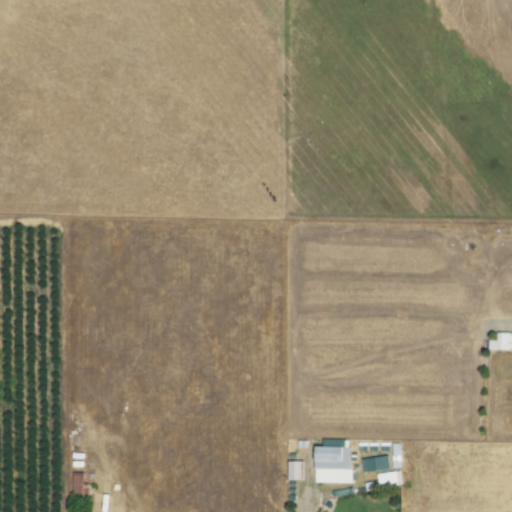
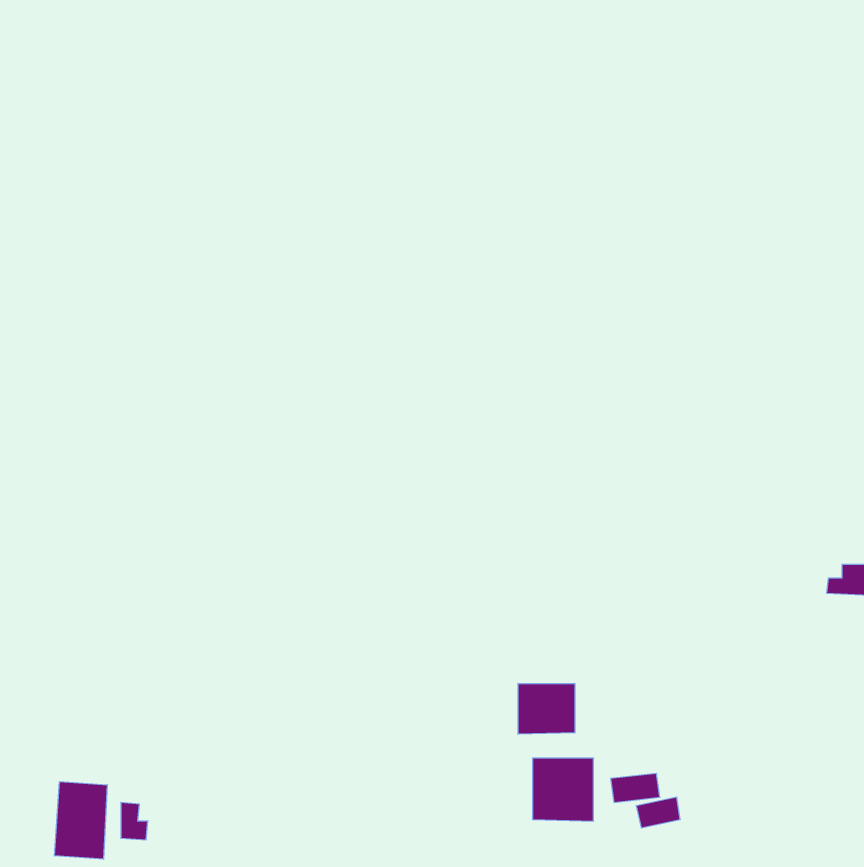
building: none -> [518,683,575,734]
building: none -> [55,782,107,859]

